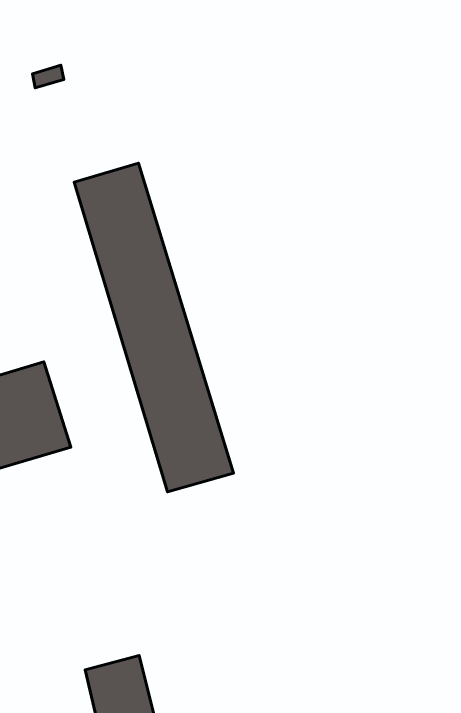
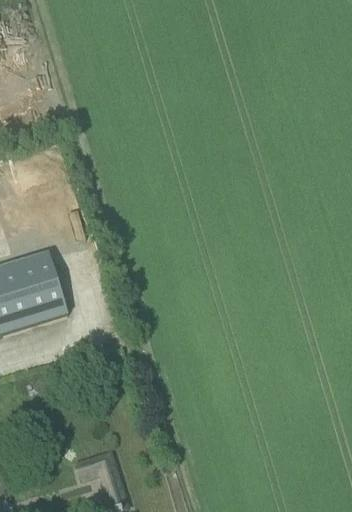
building: [74,163,234,492] -> none

